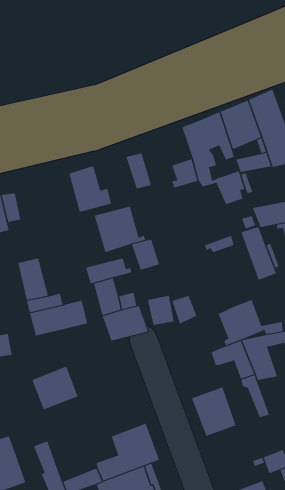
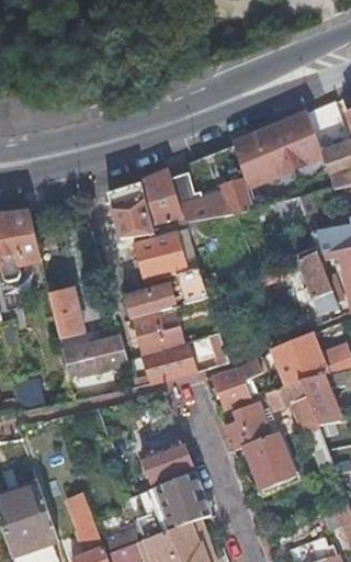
building: none -> [141,168,183,223]
building: none -> [213,359,263,409]
building: none -> [225,405,271,450]
building: [32,366,79,410] -> [140,439,193,488]

